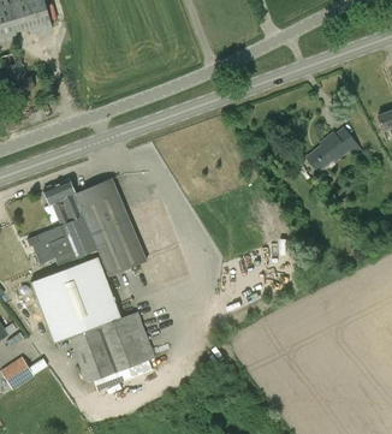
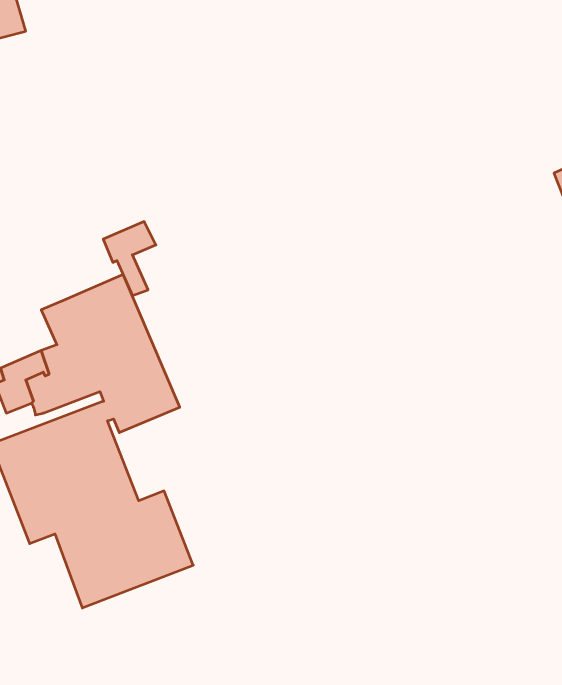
building: [305,126,361,172] -> none
building: [43,179,76,225] -> [103,222,156,296]

